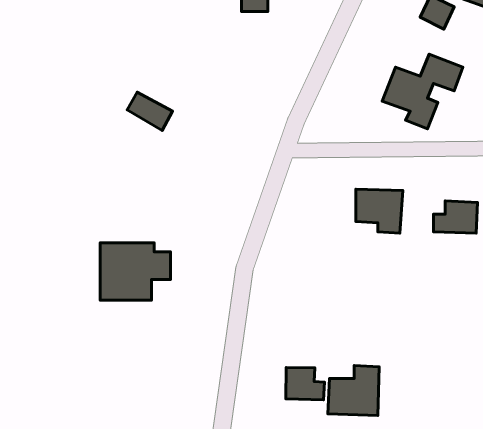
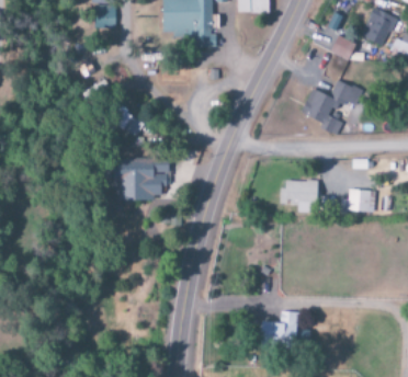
building: [100,243,170,300] -> [114,158,167,201]
building: [286,367,325,400] -> none

